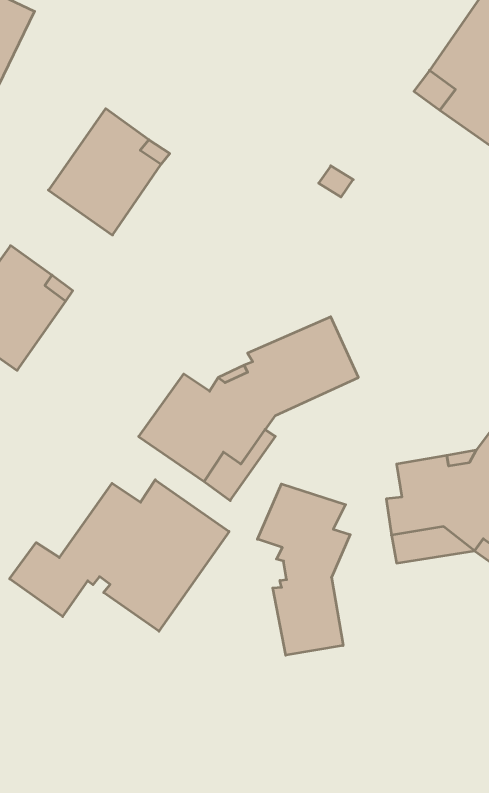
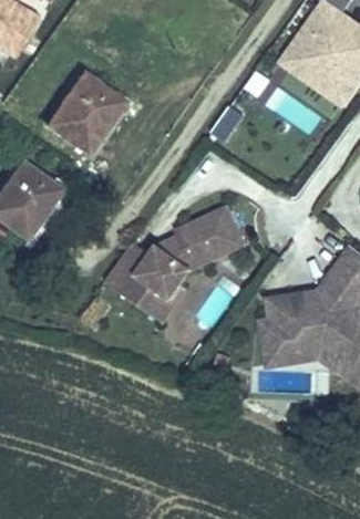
building: [10,480,229,631] -> none
building: [257,484,350,655] -> none

